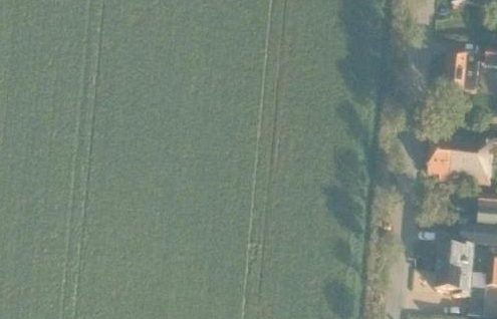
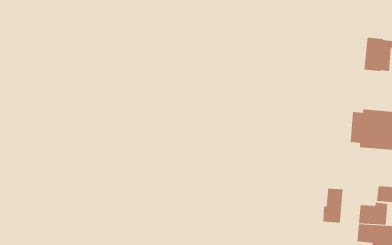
building: none -> [323,188,343,224]

